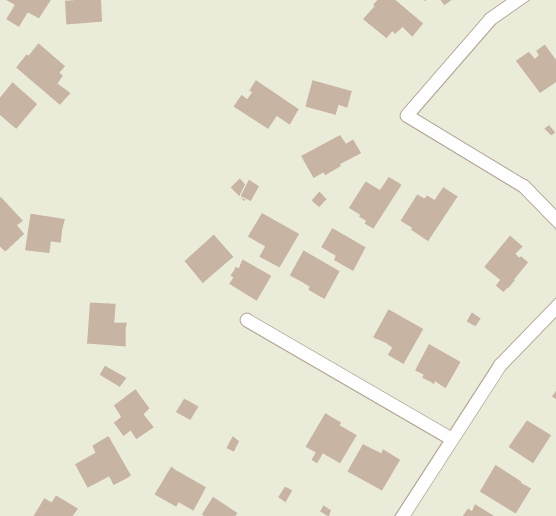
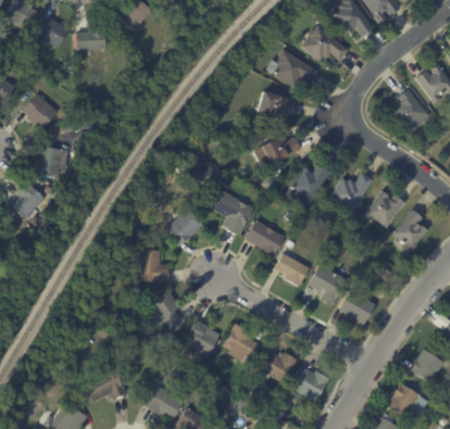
building: [15,42,72,106] -> none
building: none -> [390,90,426,131]
building: [232,79,300,130] -> [265,49,316,87]
building: none -> [363,191,404,227]
building: [24,213,66,253] -> [37,147,68,177]
building: [320,227,366,272] -> [274,254,309,288]
building: [228,258,272,302] -> none
building: [86,302,128,347] -> [137,250,168,283]
building: none -> [185,320,220,357]
building: none -> [222,325,262,363]
building: [113,388,155,440] -> [150,292,182,331]

